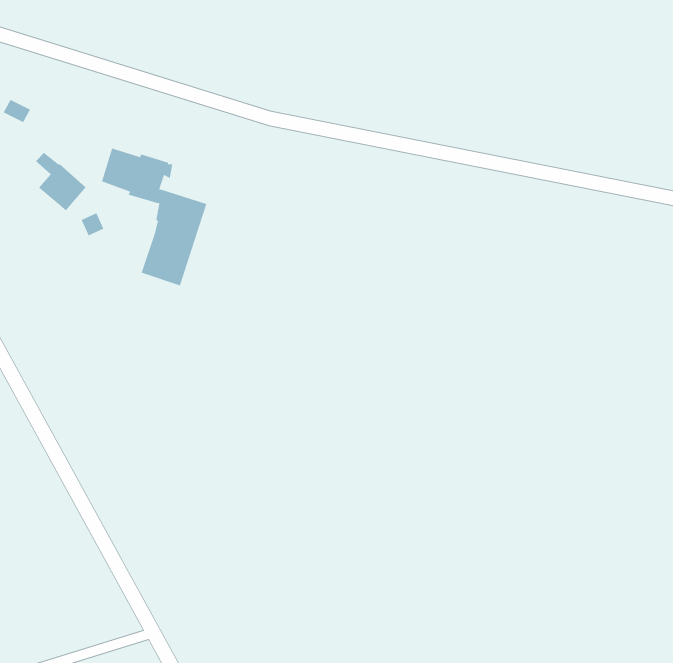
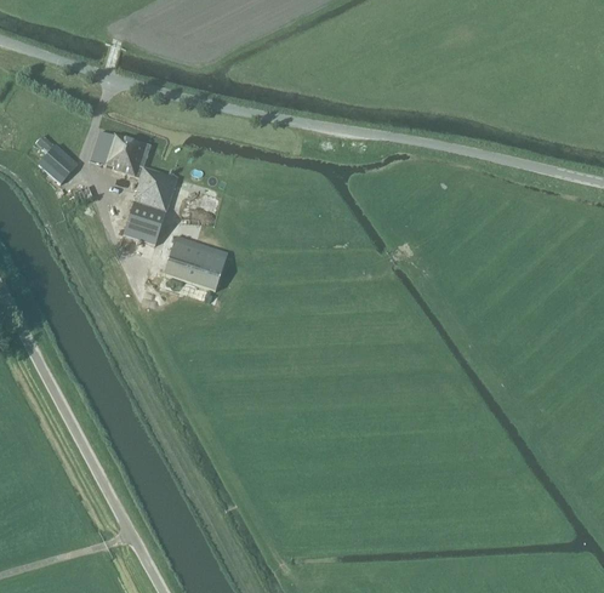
building: none -> [164,235,228,291]

